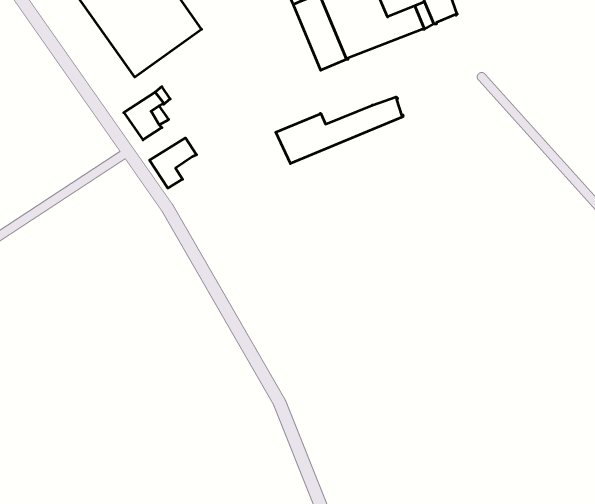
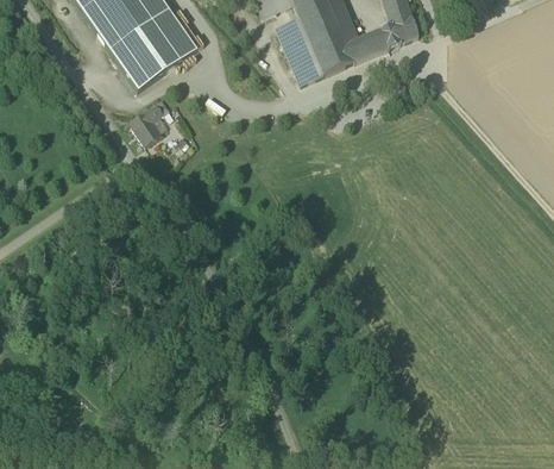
building: [276,97,403,164] -> none
building: [150,138,197,188] -> none

